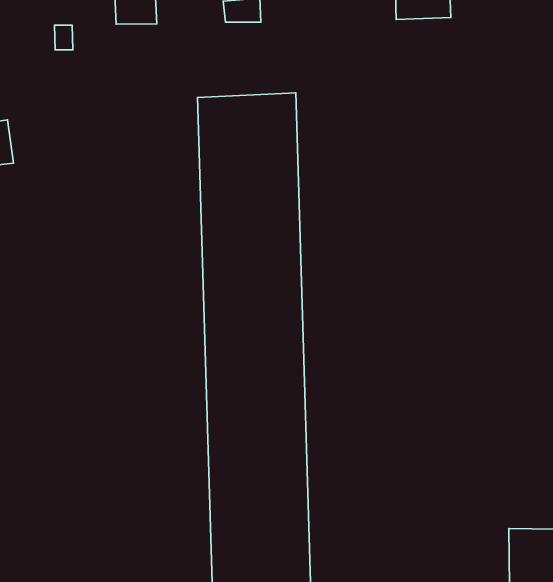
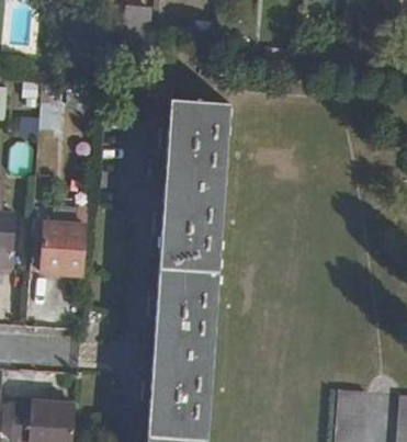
building: none -> [39,225,86,277]

